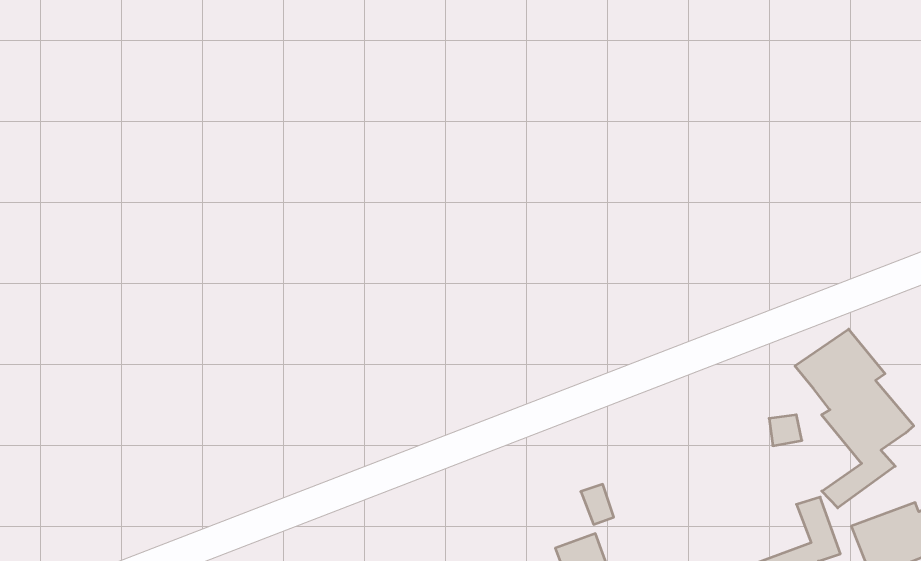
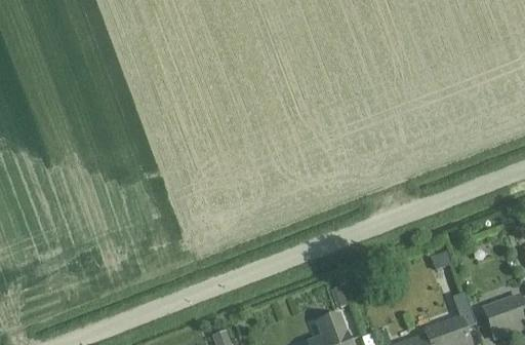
building: [795,329,914,508] -> none

